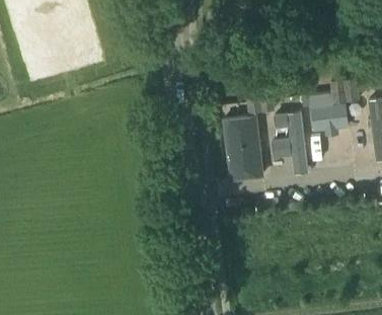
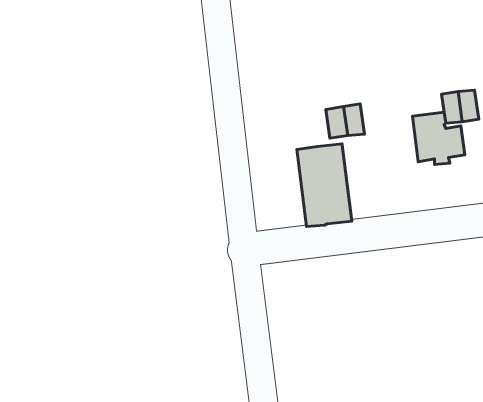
building: [271,112,307,170] -> none

